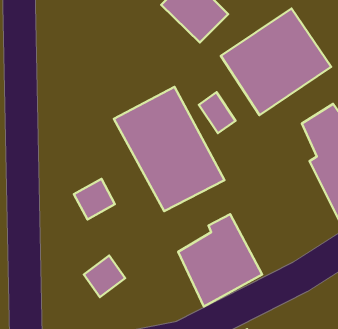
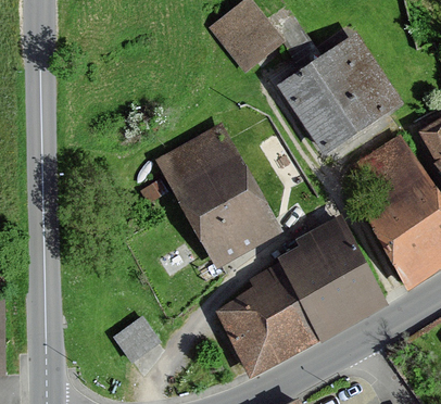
building: [199,92,235,133] -> none
building: none -> [280,223,385,339]
building: [74,179,115,220] -> none

